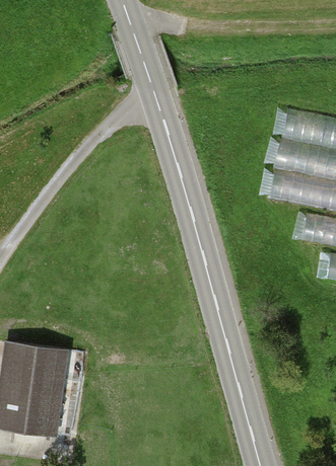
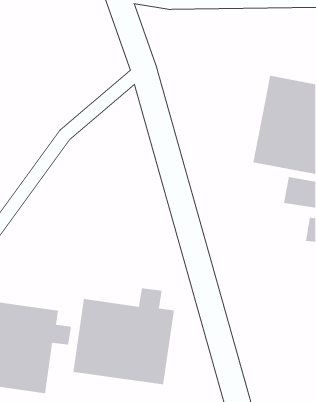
building: none -> [73,288,175,385]

